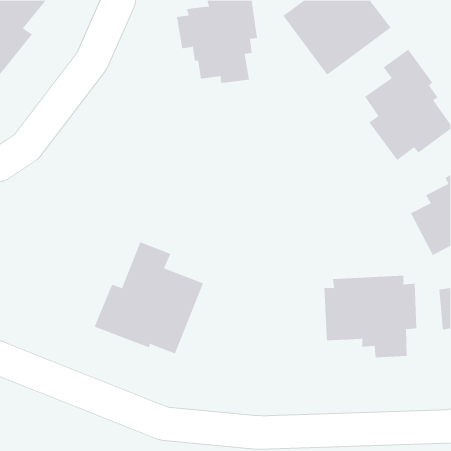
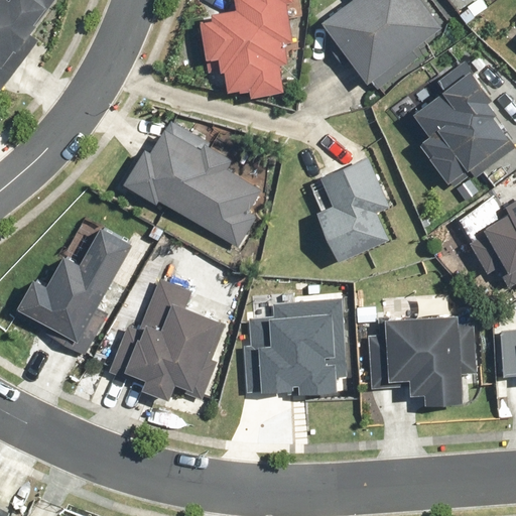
building: none -> [120,123,260,249]
building: none -> [317,154,391,260]
building: none -> [18,226,133,342]
building: none -> [239,299,344,388]

